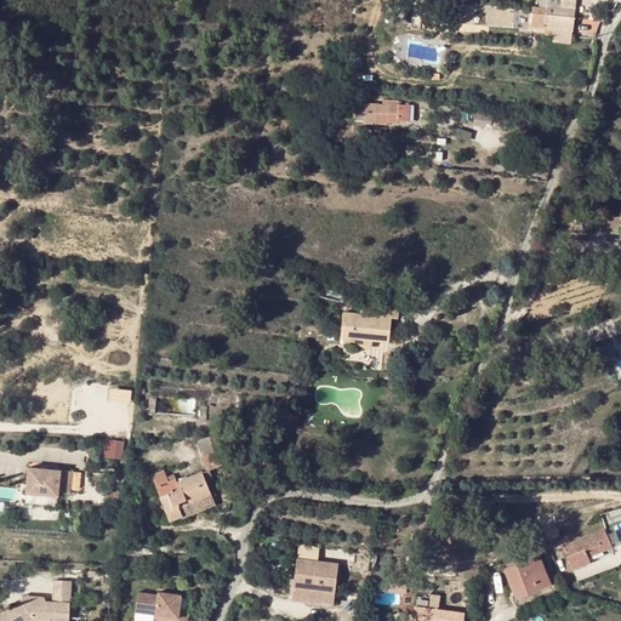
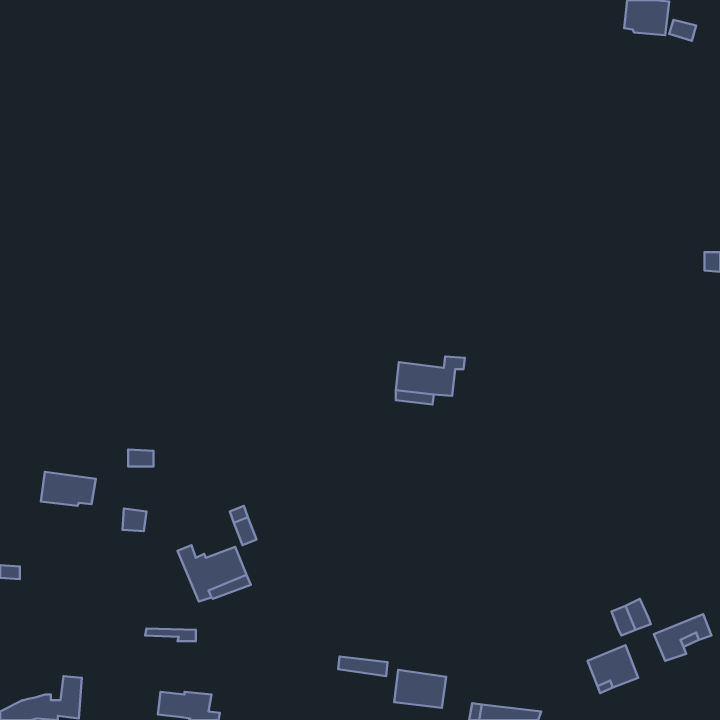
building: [377,101,406,124] -> none
building: [29,467,76,496] -> [41,472,96,506]
building: [287,576,332,609] -> [394,670,446,708]

